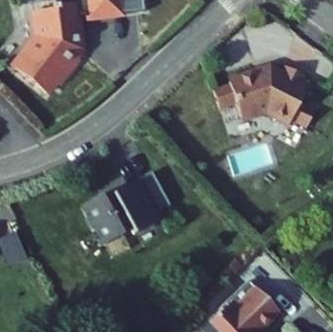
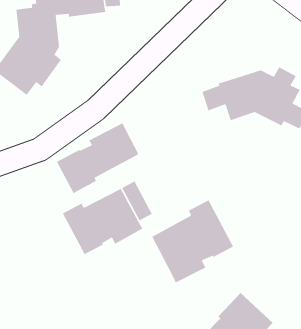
building: none -> [56,122,139,194]
building: none -> [151,199,234,283]

